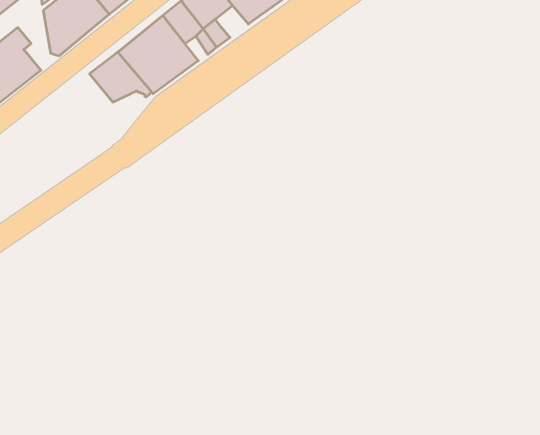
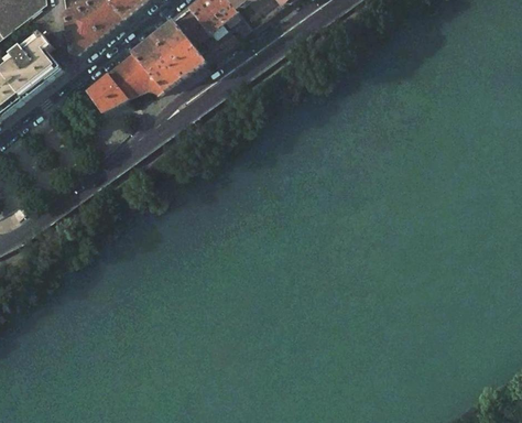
building: none -> [76,72,129,116]

